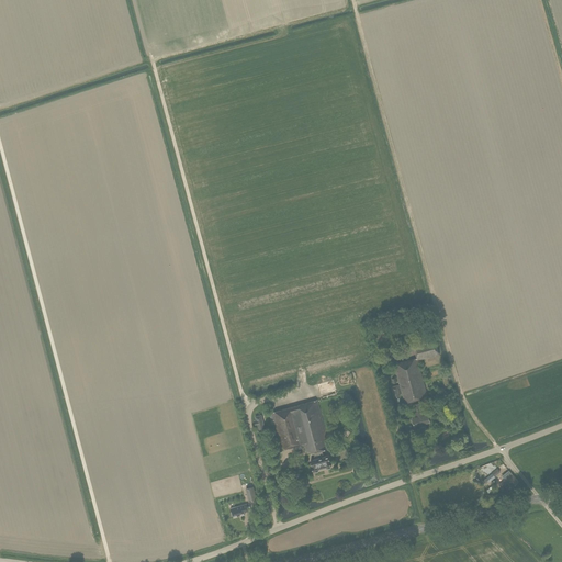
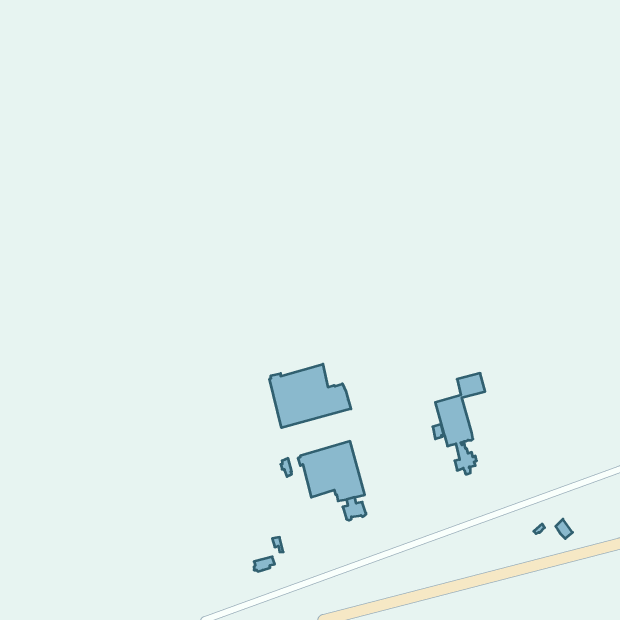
building: none -> [270,364,351,428]

